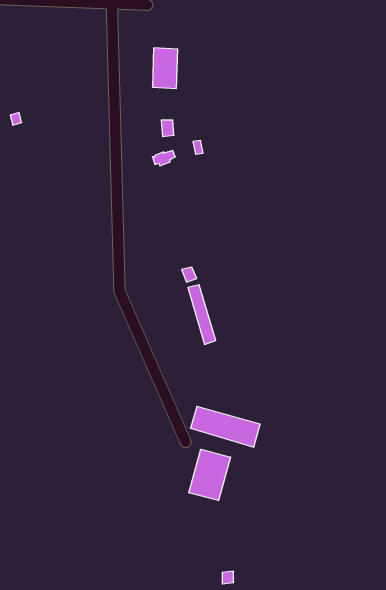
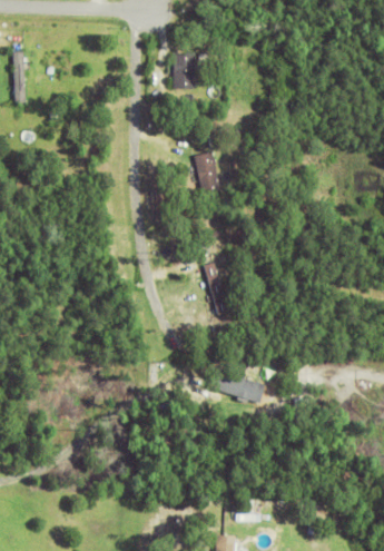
building: none -> [193,151,220,195]
building: [189,449,231,501] -> none

